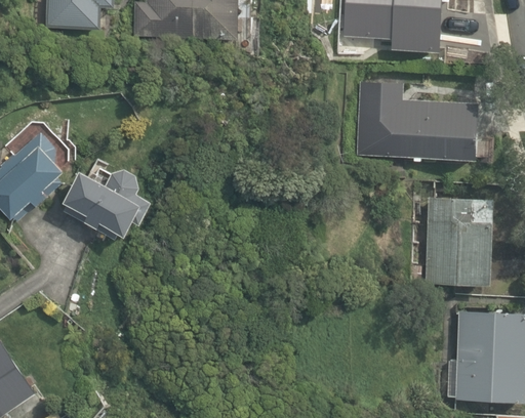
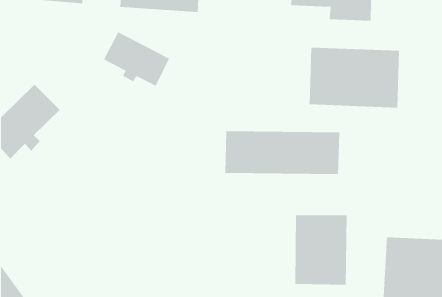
building: [59,170,138,235] -> [103,32,170,86]
building: none -> [225,130,340,175]
building: [430,203,492,286] -> [294,215,347,285]

